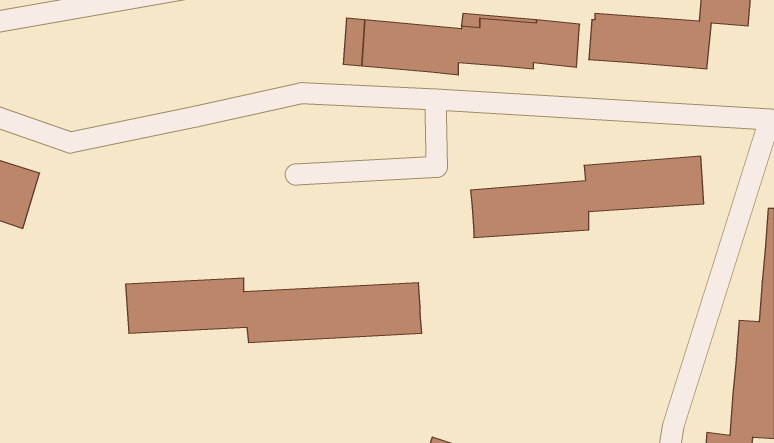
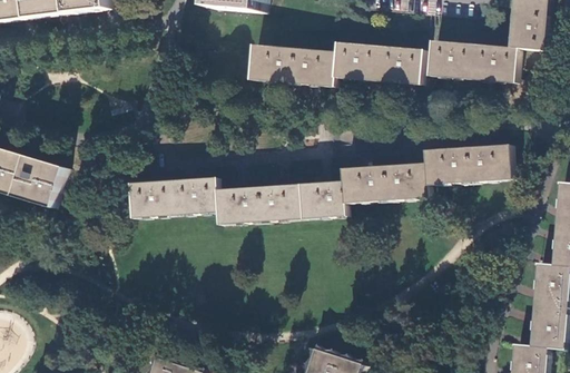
building: none -> [17,156,65,207]
building: [126,278,422,343] -> [130,177,345,224]

